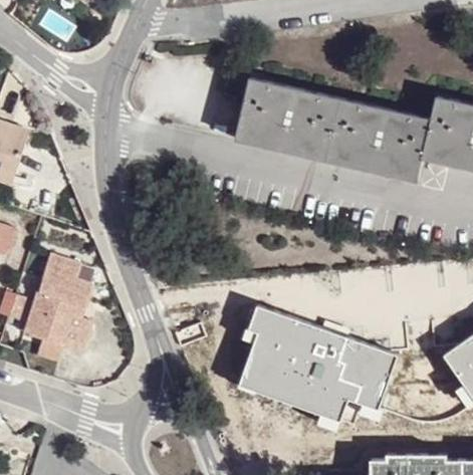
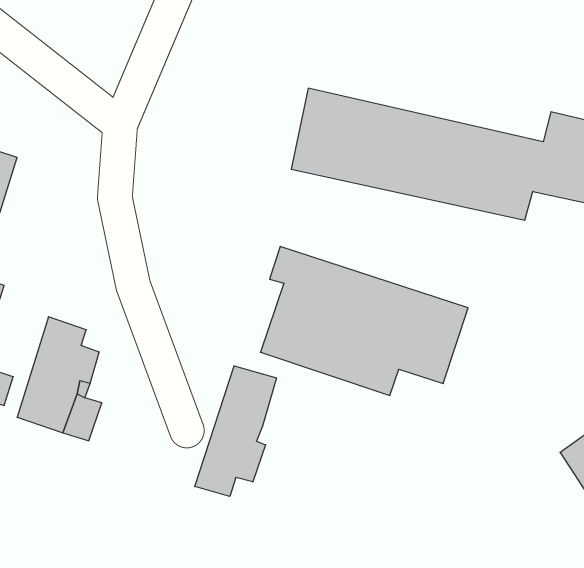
building: none -> [195,366,276,496]
building: [239,309,399,424] -> [260,247,468,395]

